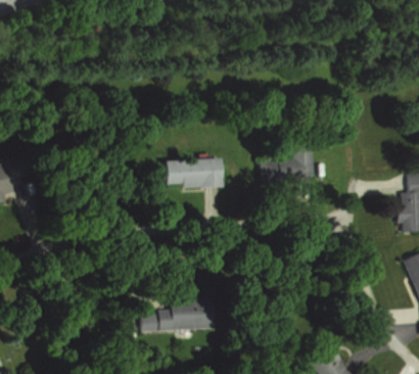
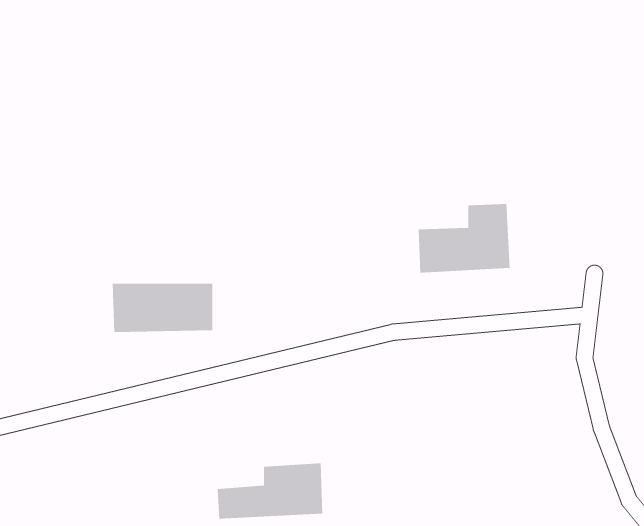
building: [162,158,223,188] -> [112,283,213,333]

